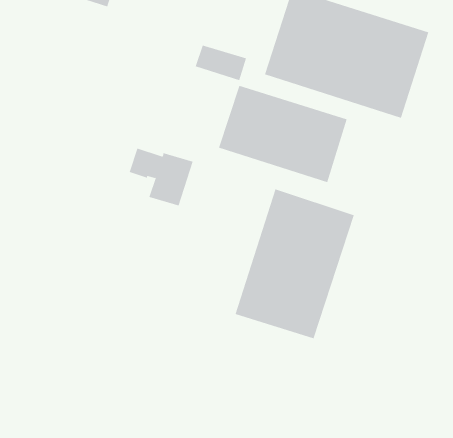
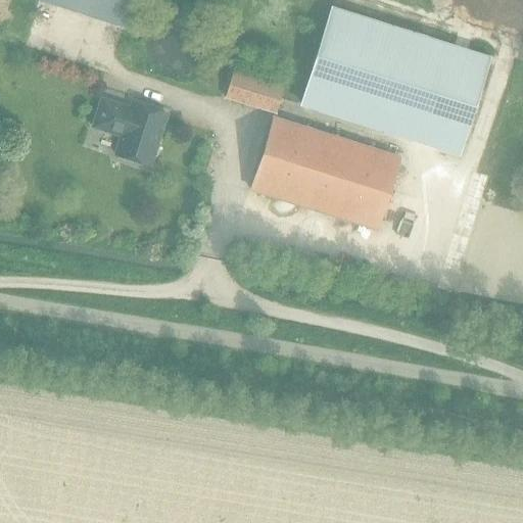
building: [129,148,193,206] -> [93,97,167,163]
building: [235,189,355,339] -> none

